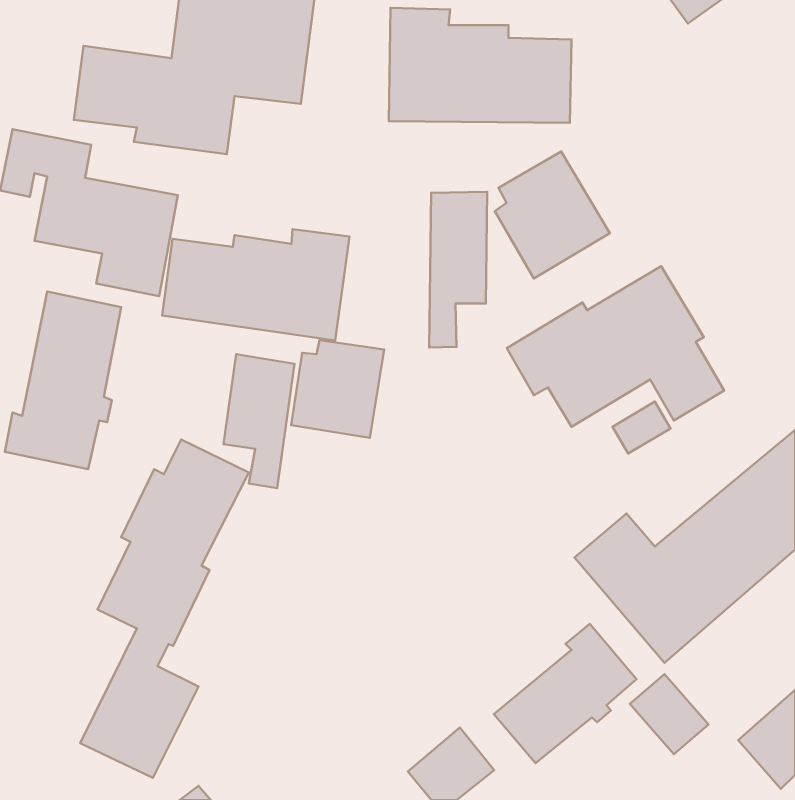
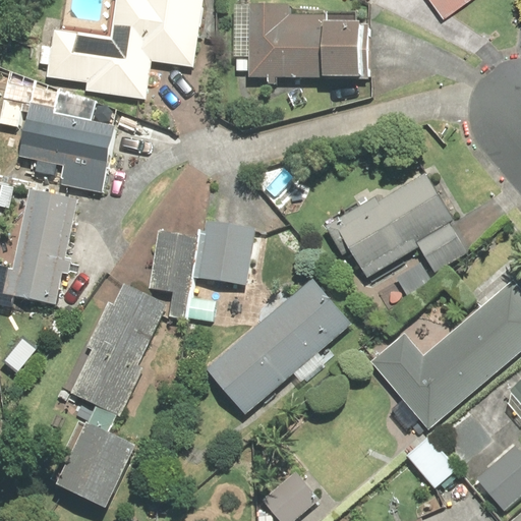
building: [495,151,610,279] -> none
building: [429,192,487,347] -> none
building: [162,229,350,340] -> none
building: none -> [208,277,353,412]
building: [494,624,636,763] -> none

